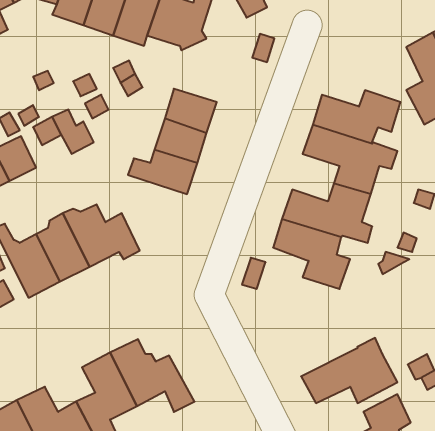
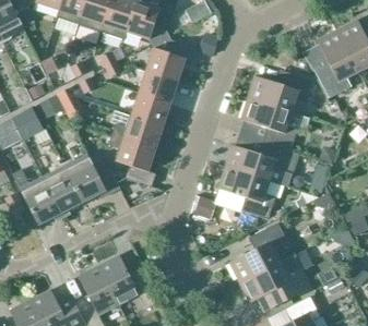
building: none -> [145,34,198,81]
building: none -> [109,134,155,185]
building: none -> [229,222,288,282]

